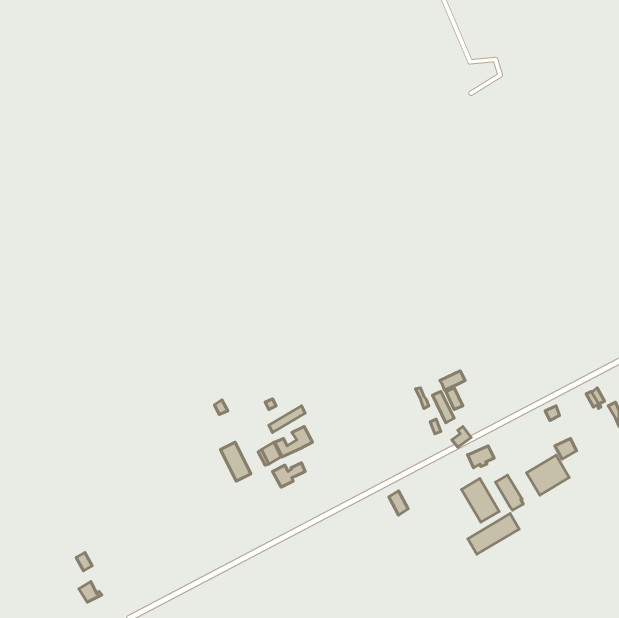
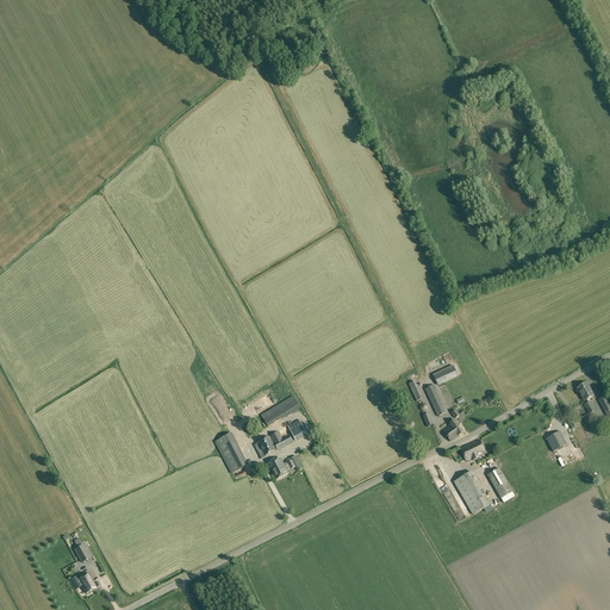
building: [527,455,569,495] -> none
building: [468,514,519,554] -> none

